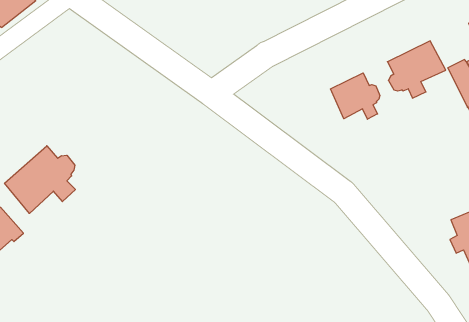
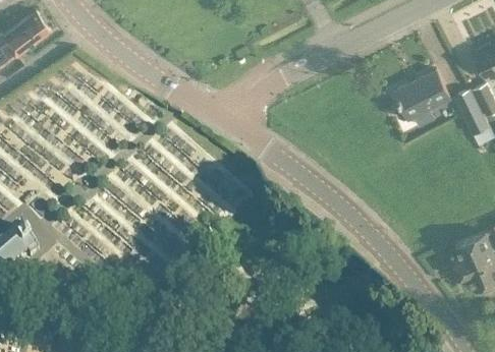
building: [330,73,380,119] -> none
building: [5,146,75,213] -> none

